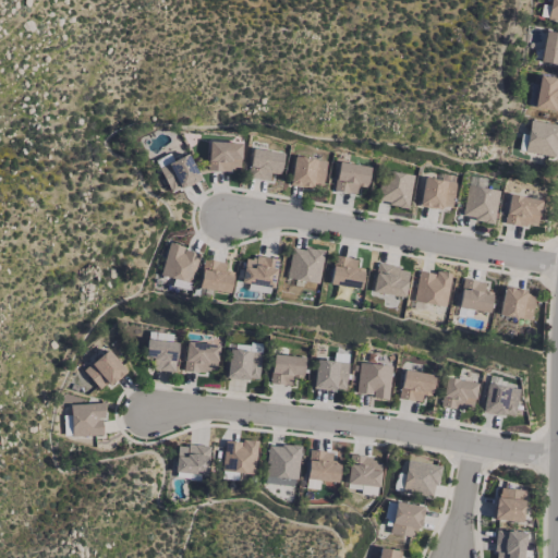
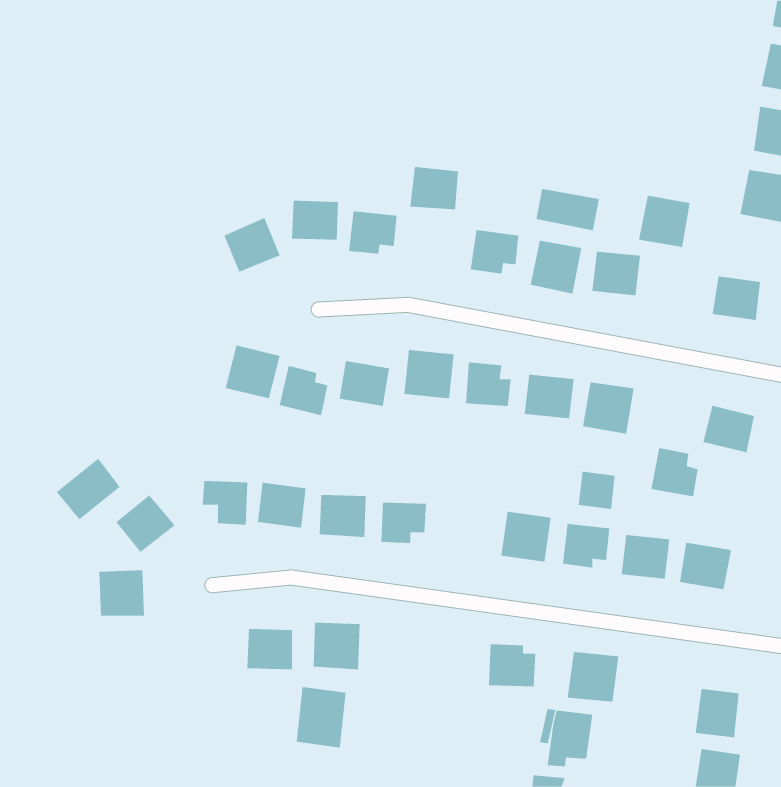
building: none -> [536,188,600,231]
building: [293,157,328,187] -> [410,167,459,210]
building: [464,185,501,222] -> [638,195,690,247]
building: [461,278,495,313] -> [651,447,698,497]
building: none -> [56,458,120,520]
building: none -> [578,471,615,510]
building: [316,360,351,390] -> none
building: [267,444,303,487] -> [296,686,347,748]
building: [310,450,342,482] -> none

